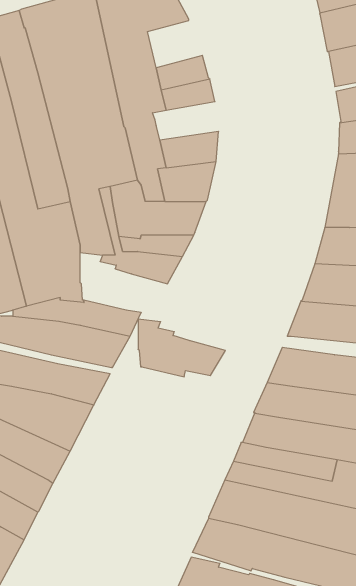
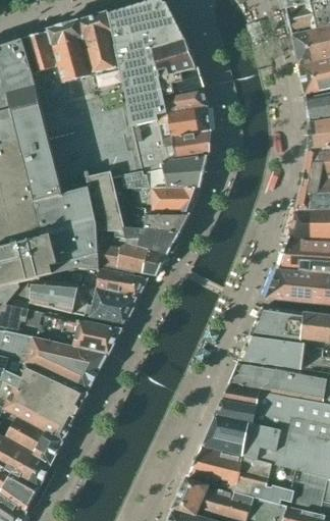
building: none -> [151,40,196,79]
building: none -> [155,106,209,138]
building: [138,319,225,377] -> [96,229,167,276]

